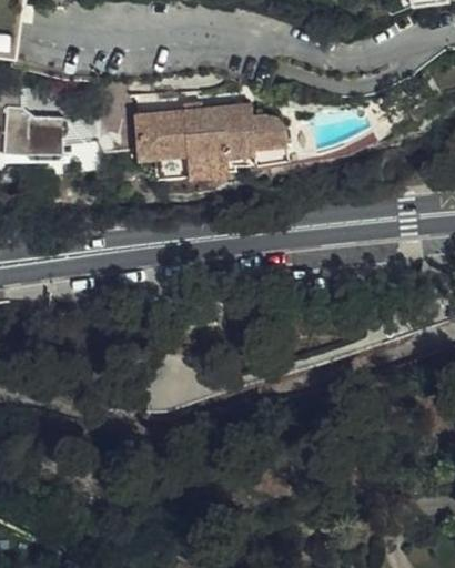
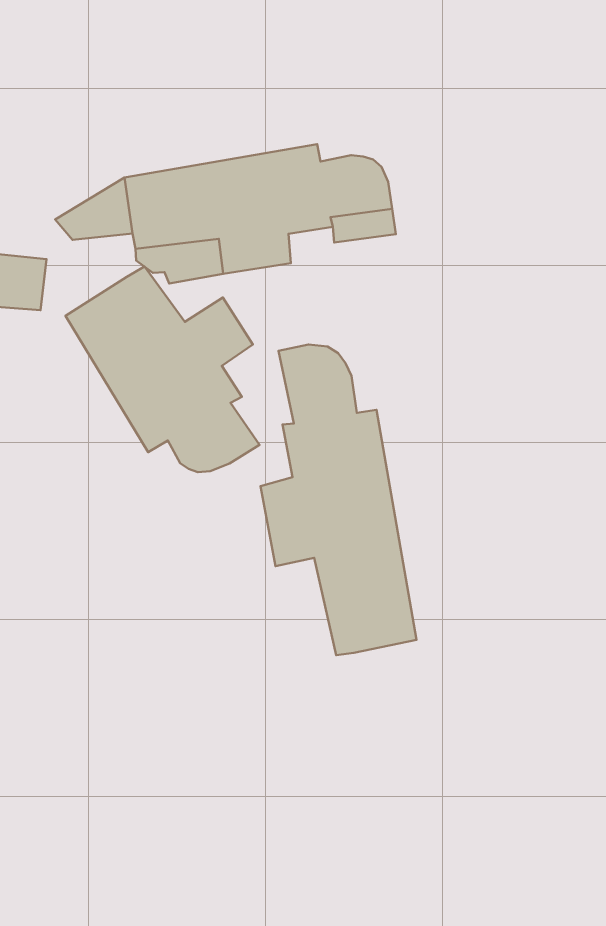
building: none -> [65,267,259,472]
building: none -> [261,345,416,655]

